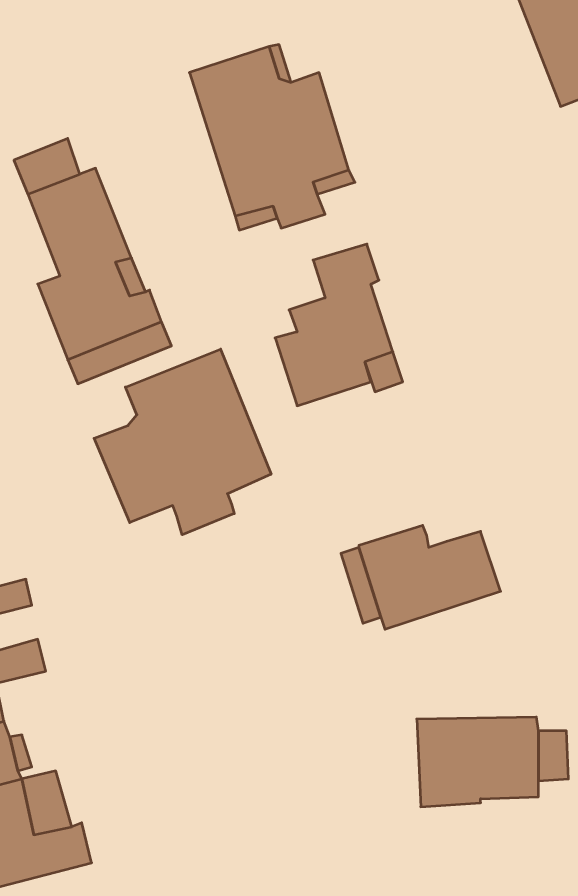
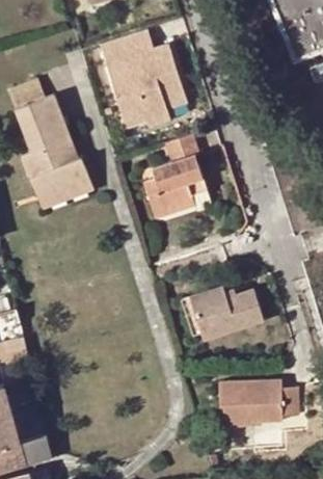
building: [94,349,271,535] -> none

